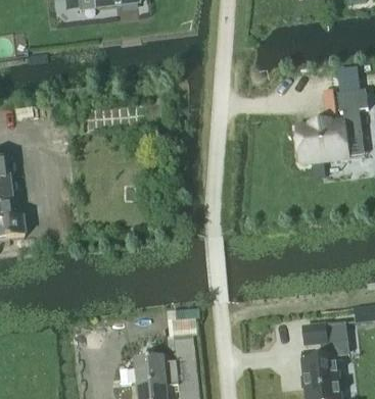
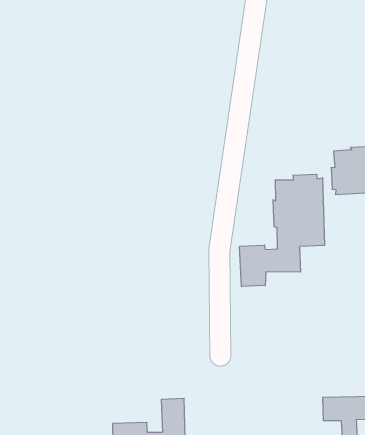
building: none -> [240,174,324,287]

